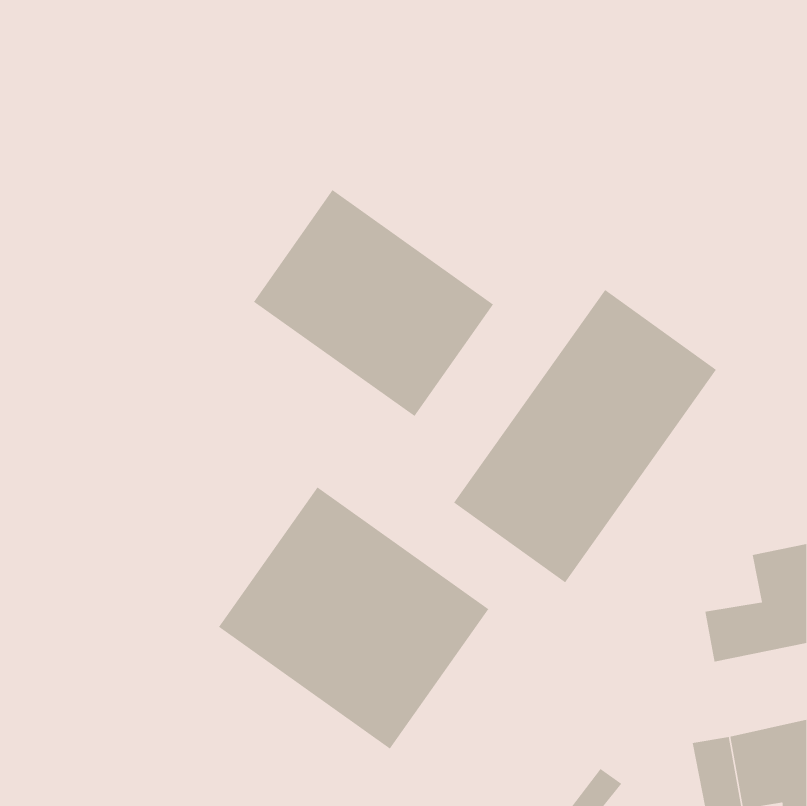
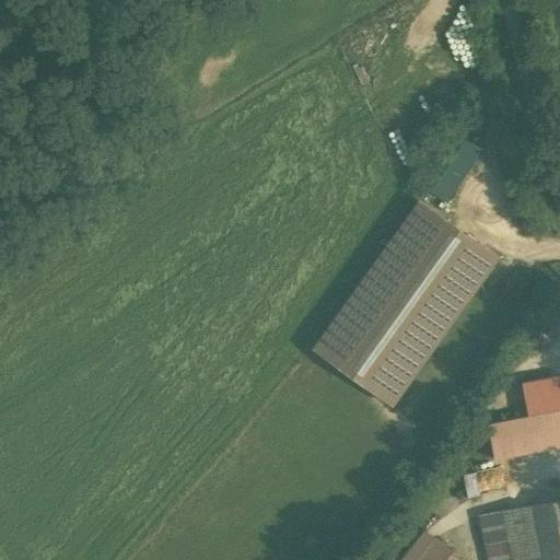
building: [253,189,494,417] -> none
building: [218,487,489,749] -> none

